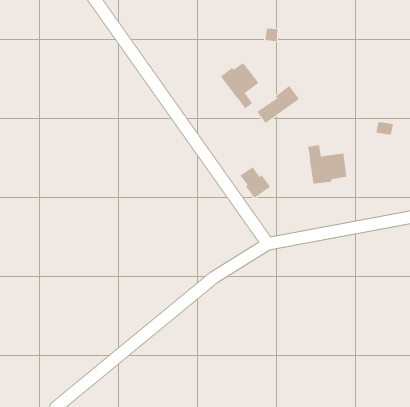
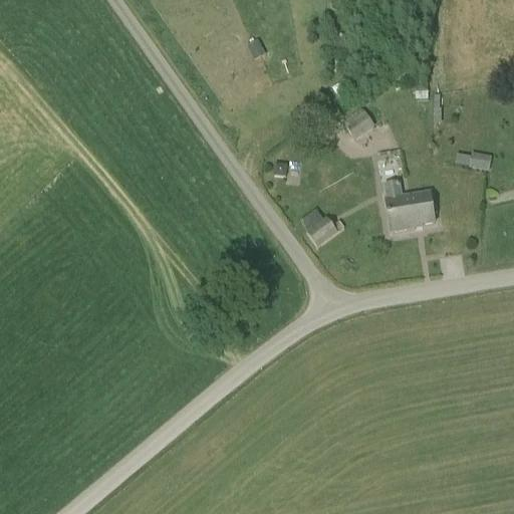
building: [220,62,259,109] -> none

